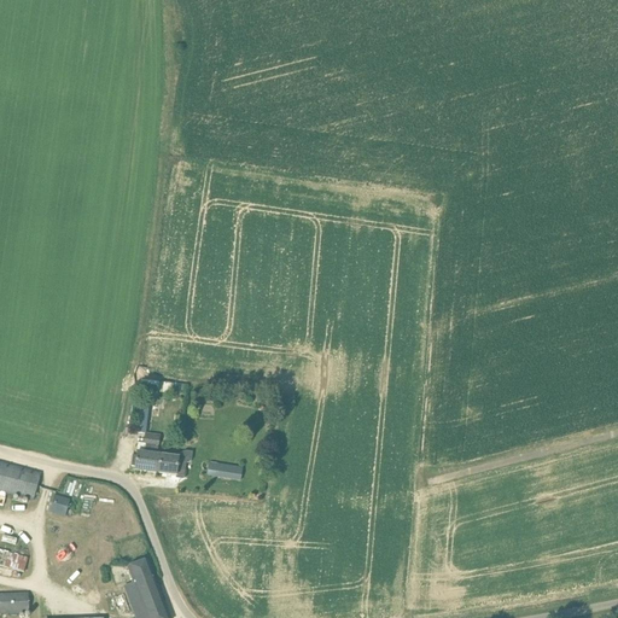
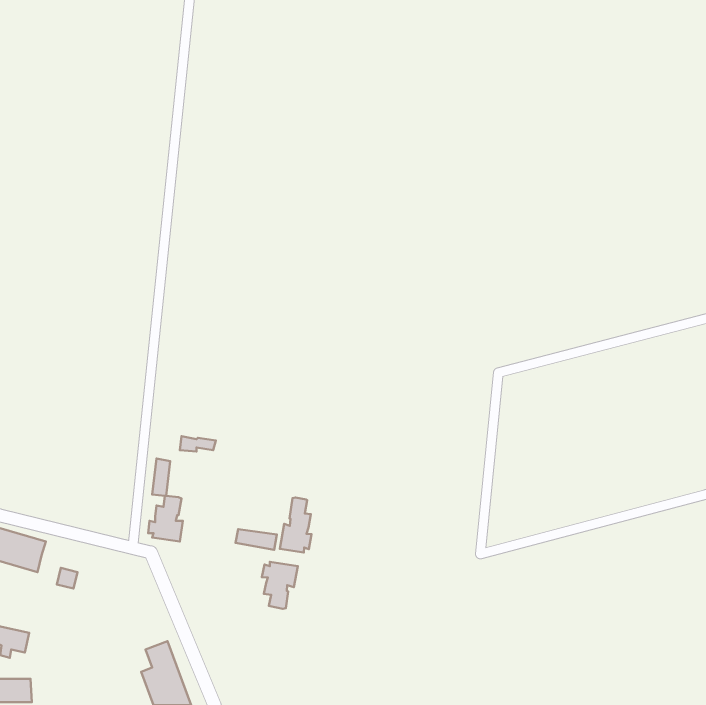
building: none -> [280,497,312,553]
building: [157,449,191,477] -> none
building: none -> [262,562,298,609]

